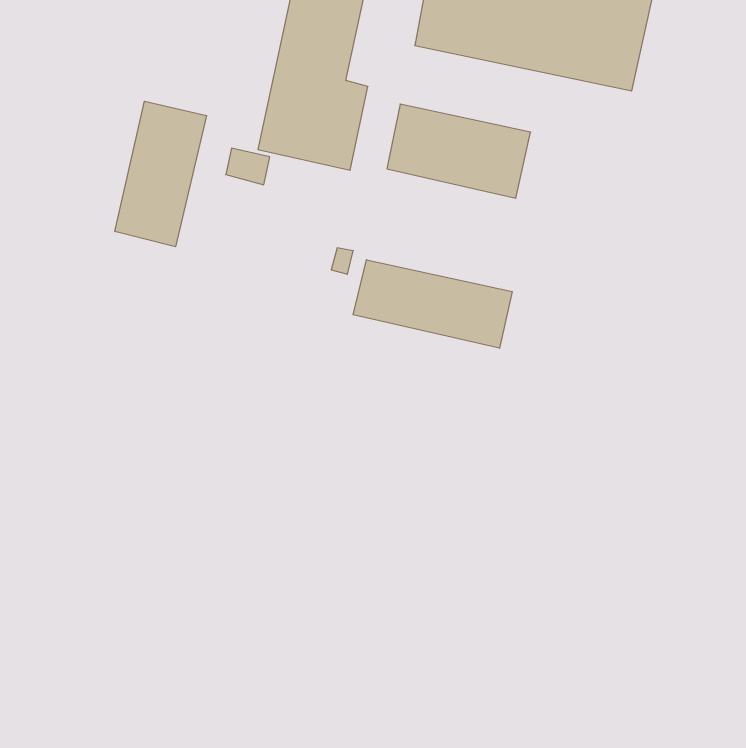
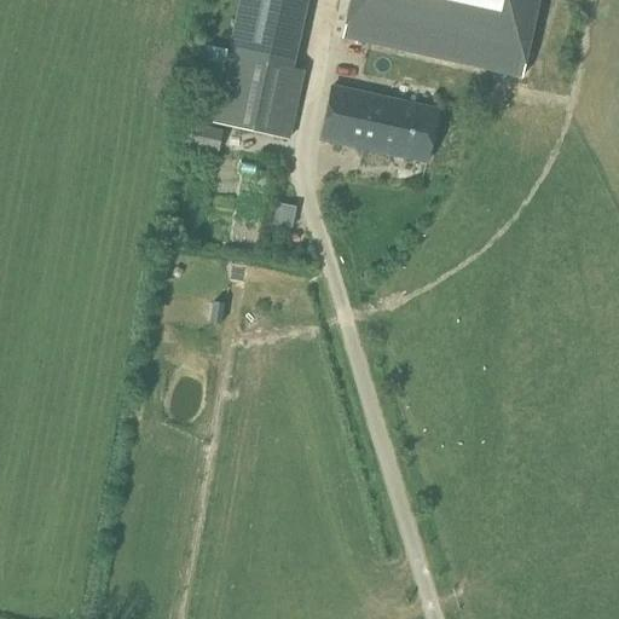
building: [115,101,207,247] -> none
building: [353,260,512,348] -> none

